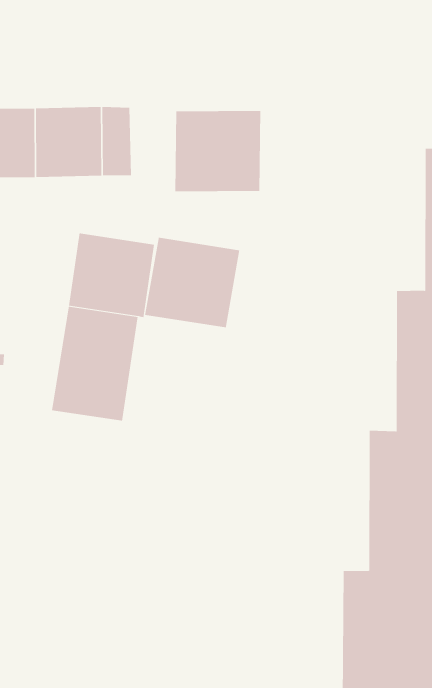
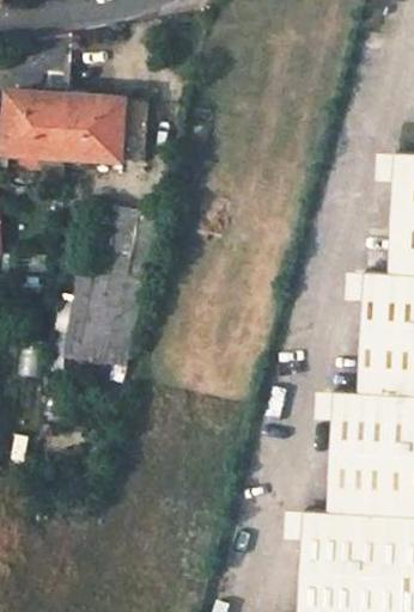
building: [175,110,261,192] -> none
building: [145,237,240,328] -> none

